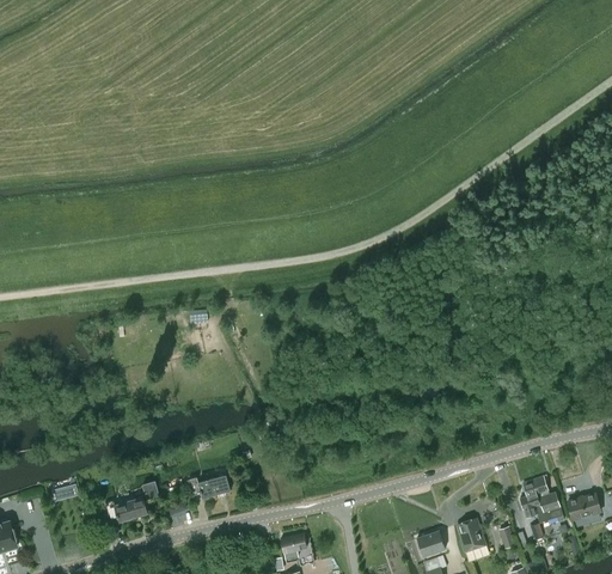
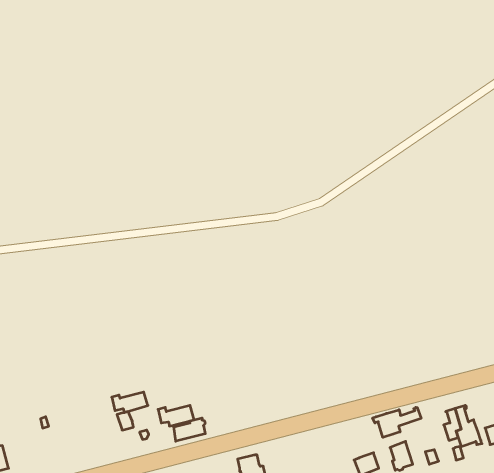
building: none -> [373,407,421,437]
building: none -> [174,418,205,441]
building: [105,497,147,521] -> [112,392,148,413]

